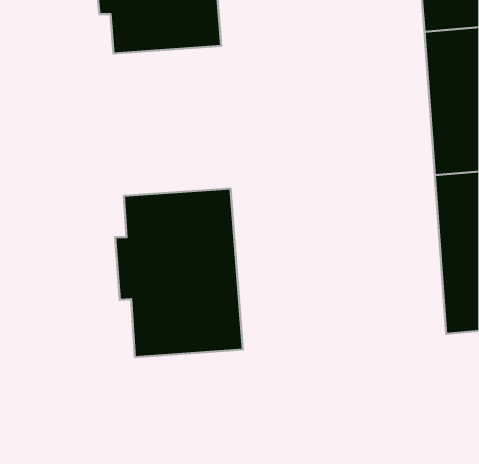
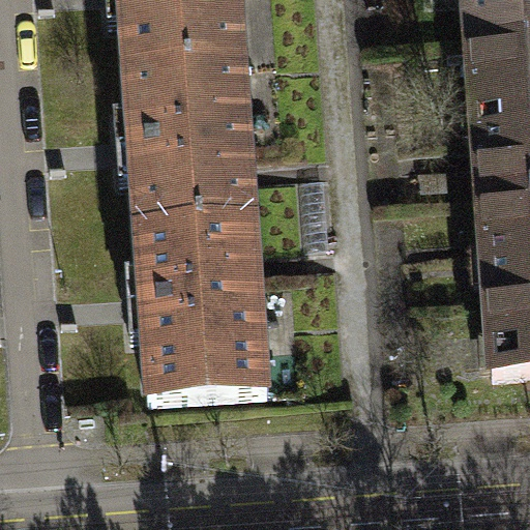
building: none -> [116,51,255,216]

